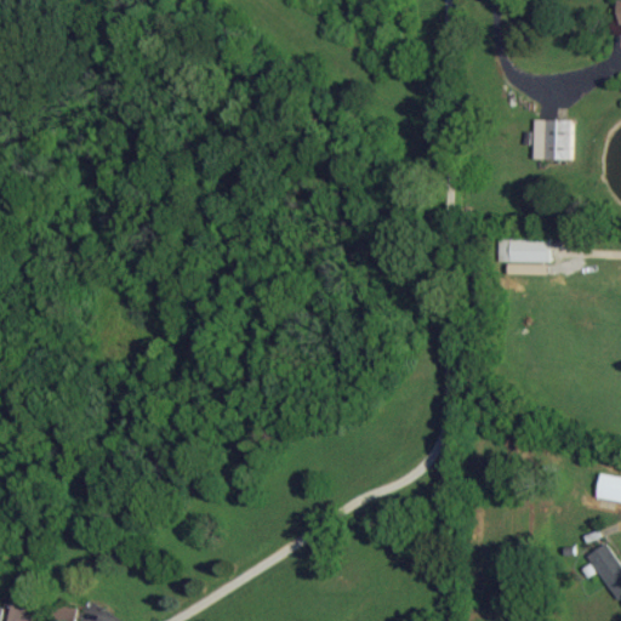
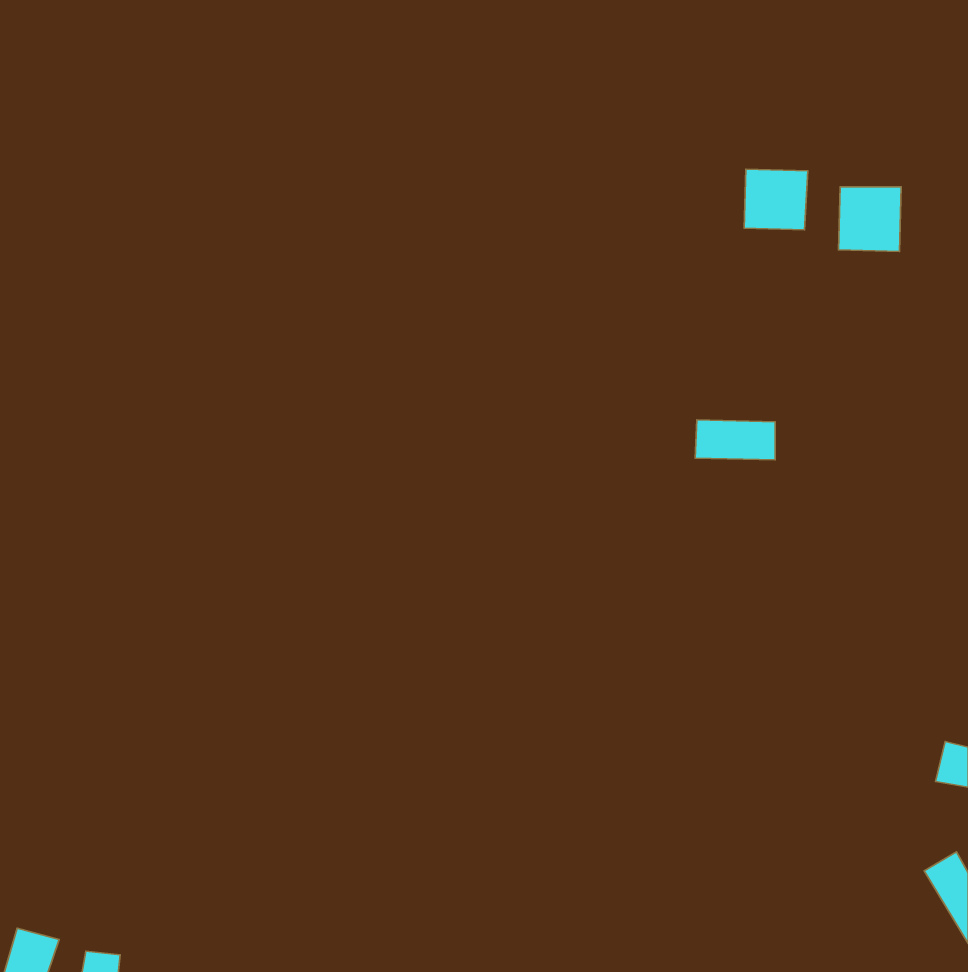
building: none -> [744,169,808,230]
building: [498,238,549,263] -> [695,420,775,460]

